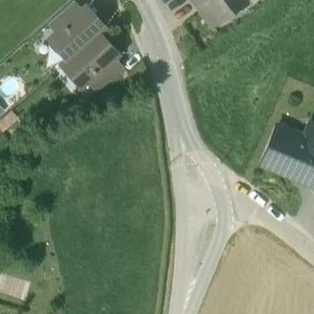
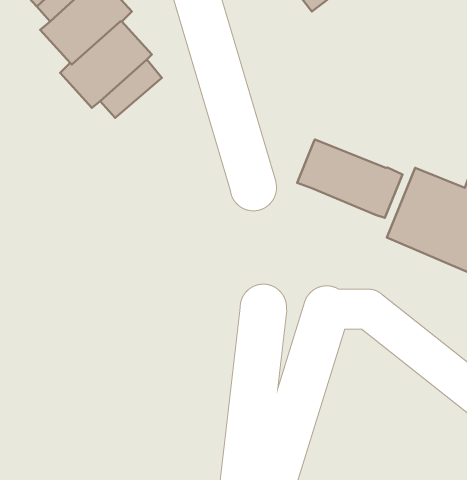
building: none -> [297,140,403,218]

